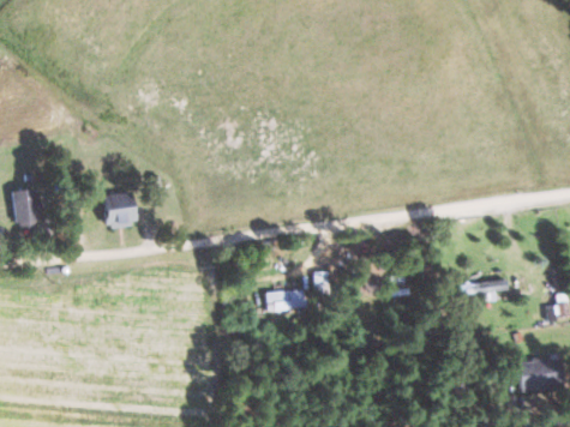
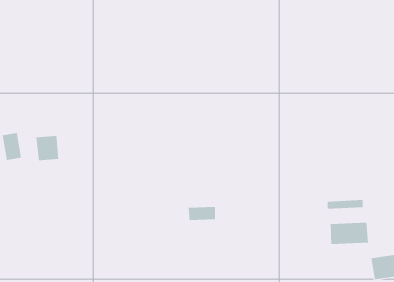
building: [102,193,134,228] -> [35,136,59,161]
building: none -> [330,222,368,245]

